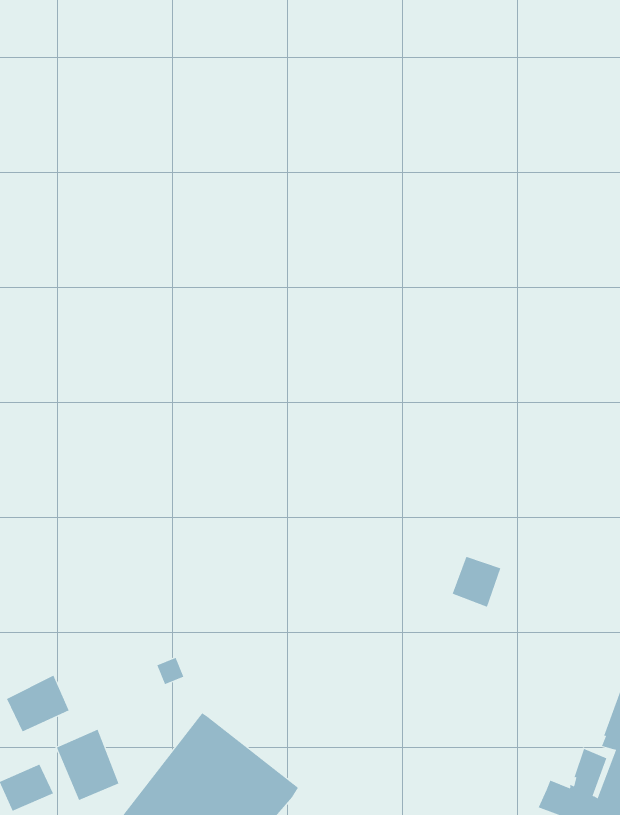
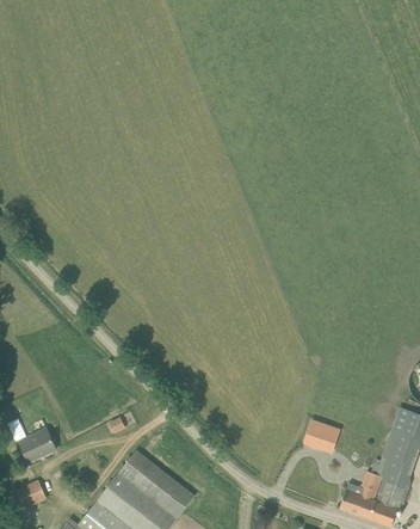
building: [452,556,501,608] -> [303,420,333,451]
building: [56,729,119,801] -> none

